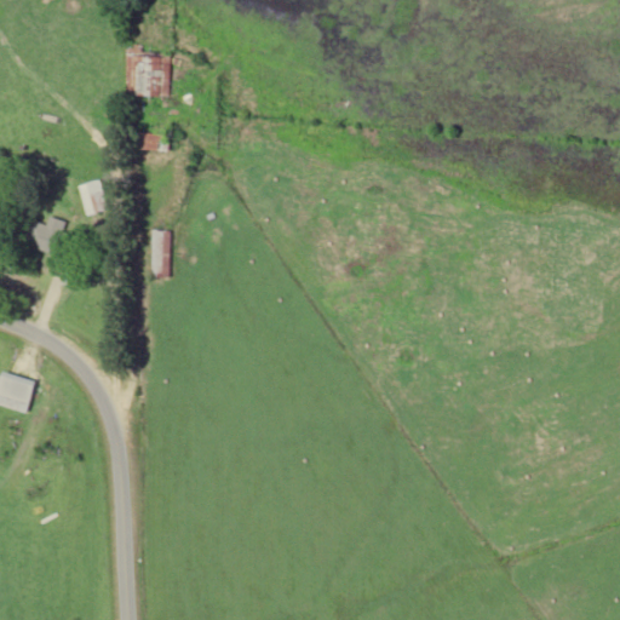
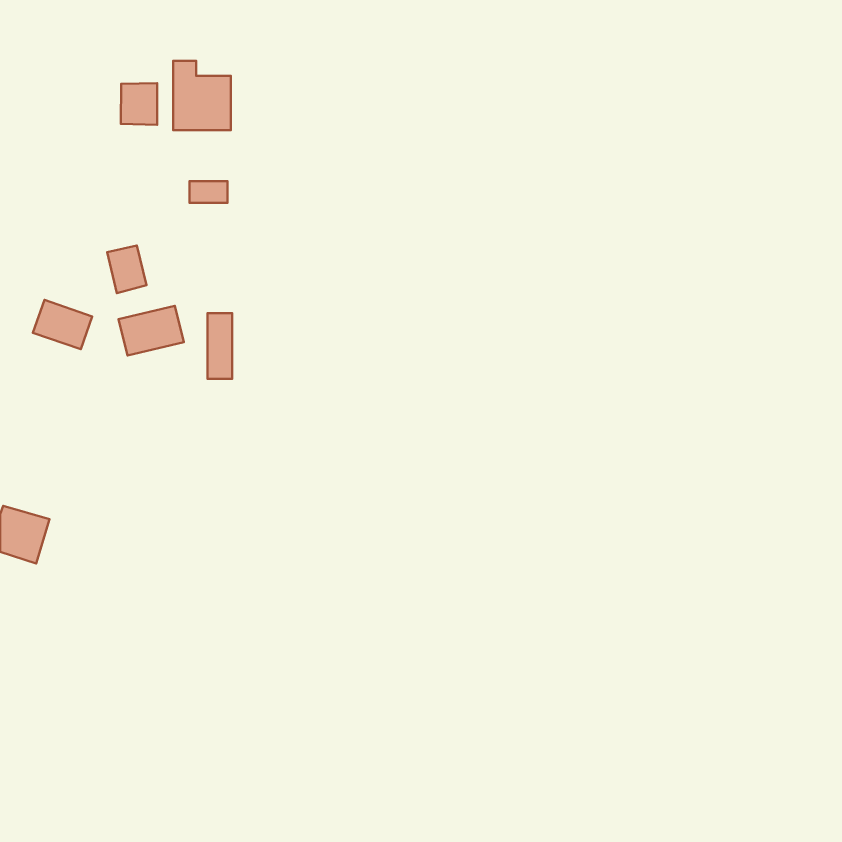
building: none -> [121,83,157,125]
building: none -> [118,306,184,356]

